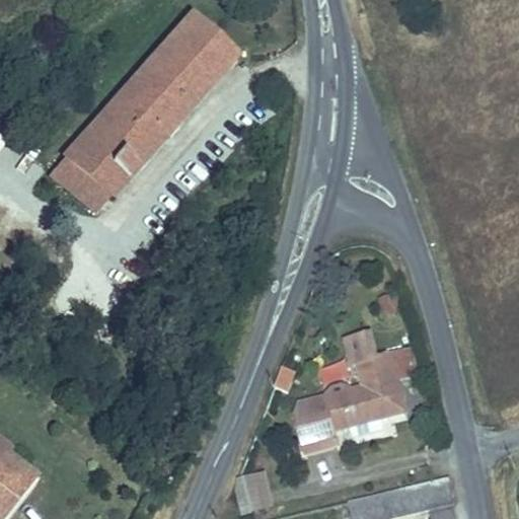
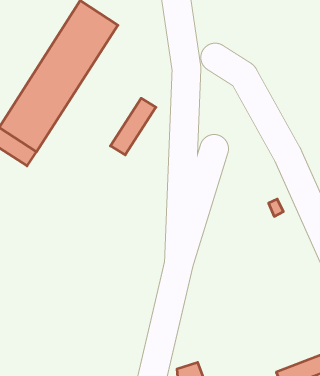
building: none -> [110,98,156,155]
building: [292,332,417,453] -> none

